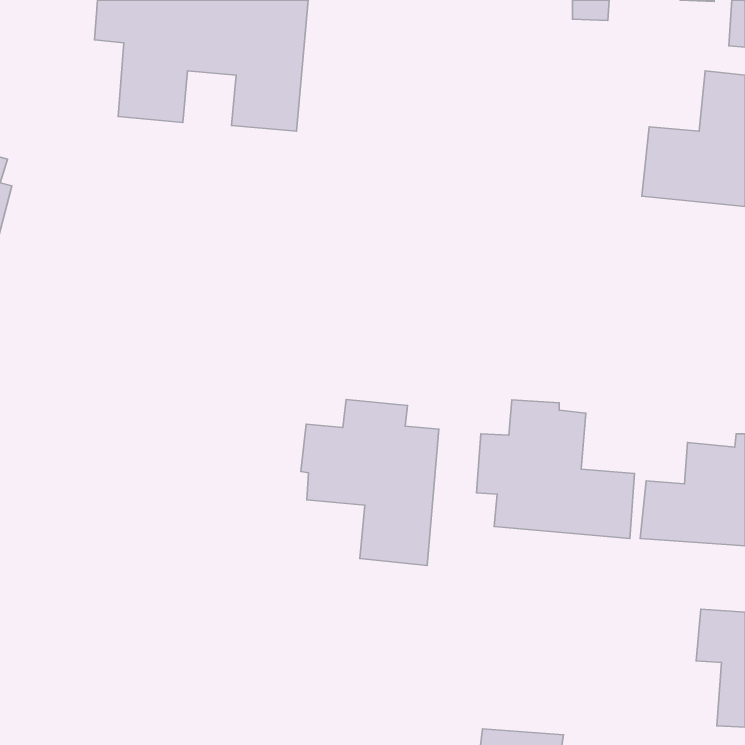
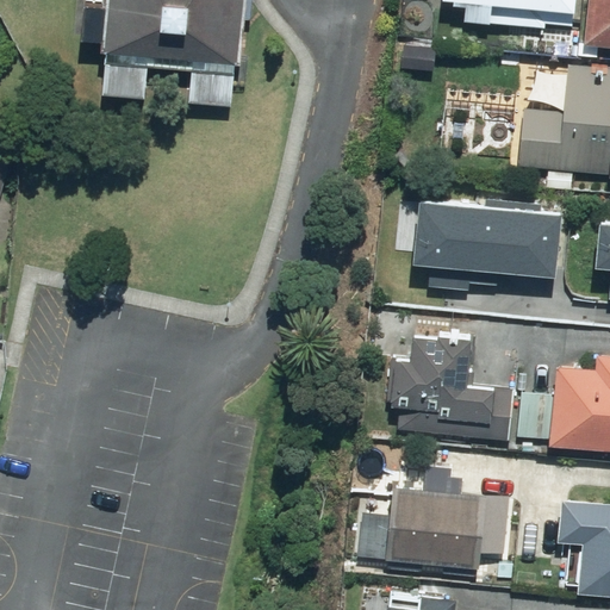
building: none -> [417,195,566,290]
building: [301,400,439,566] -> none
building: none -> [359,485,508,568]

